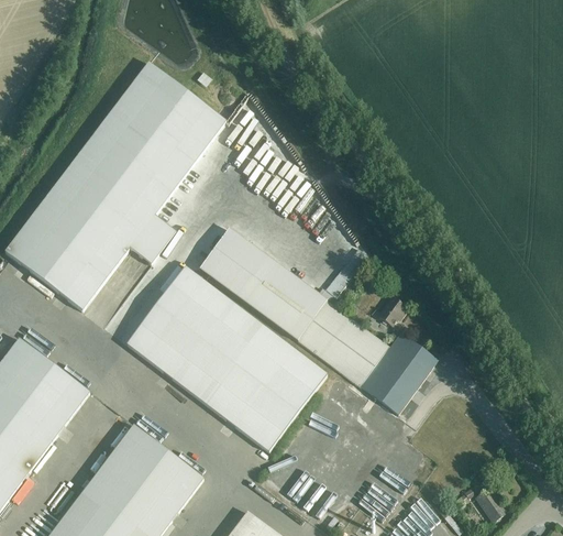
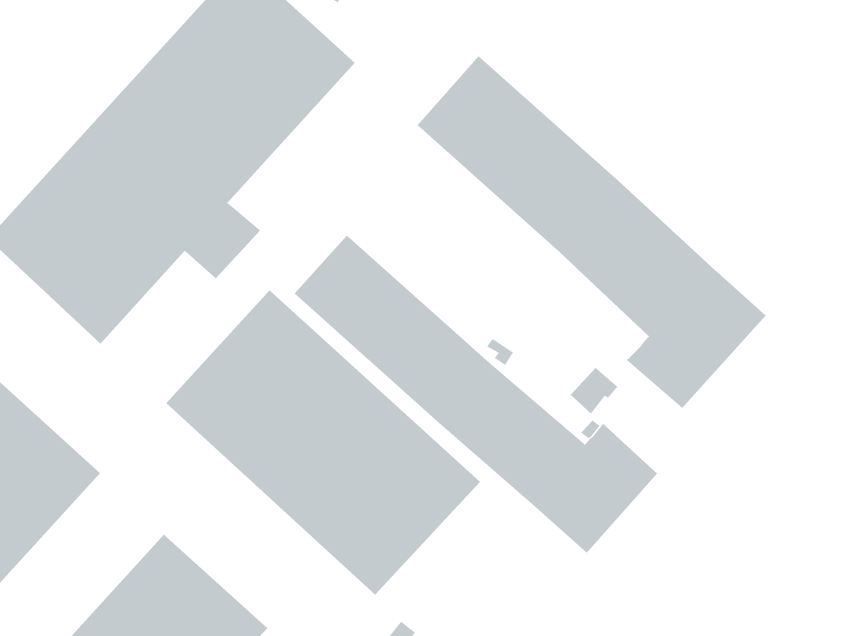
building: none -> [417,56,766,409]

